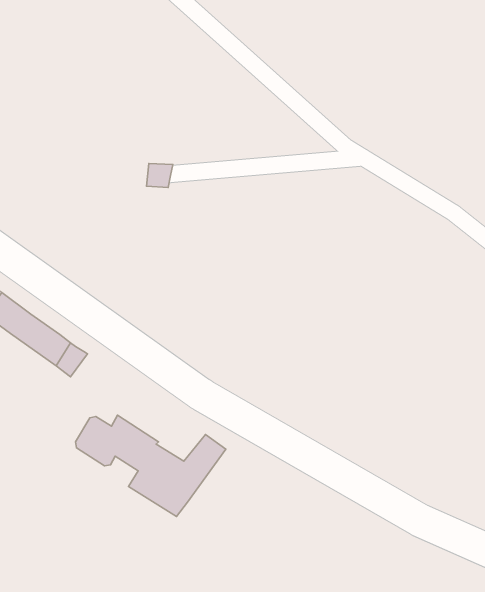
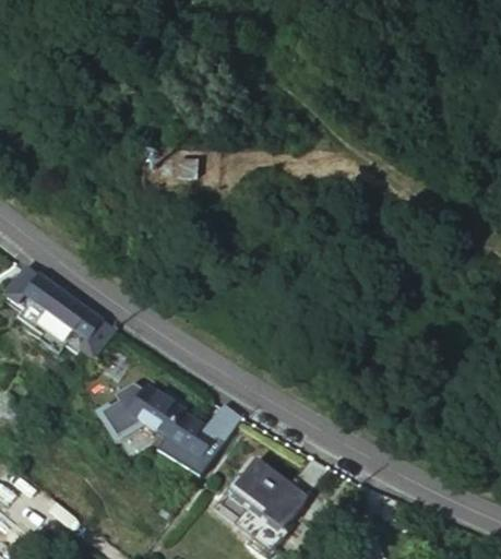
building: none -> [225,462,302,535]

